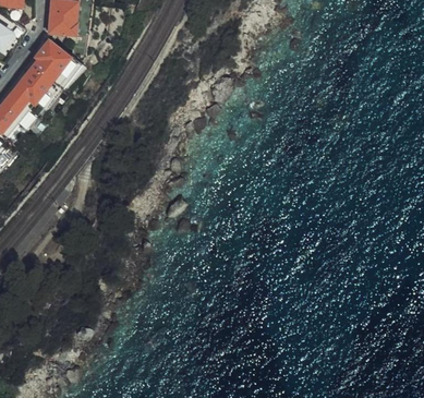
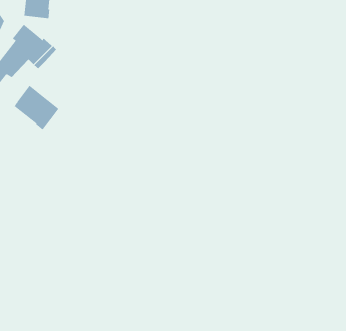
building: none -> [14,85,59,130]

